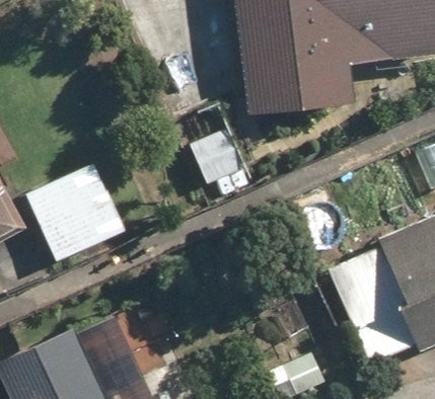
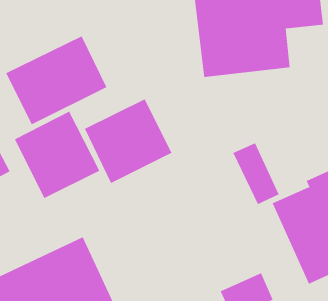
building: none -> [5,36,107,125]
building: none -> [84,99,172,184]

